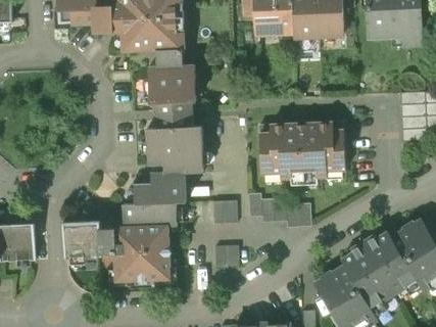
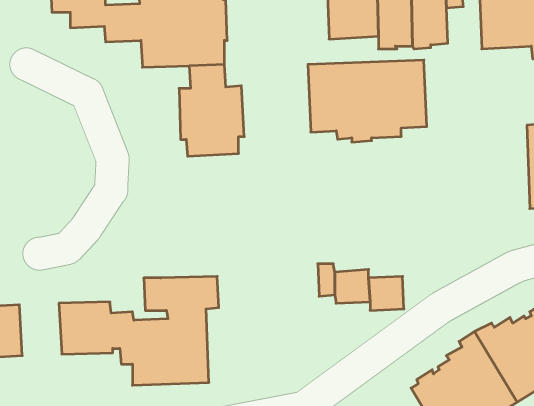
building: [135,113,203,203] -> none
building: [259,122,345,181] -> [308,60,427,142]
building: [213,200,238,224] -> none
building: [215,245,239,269] -> none

